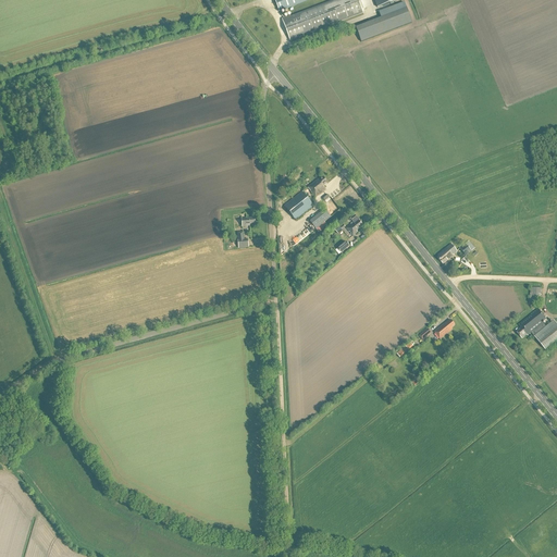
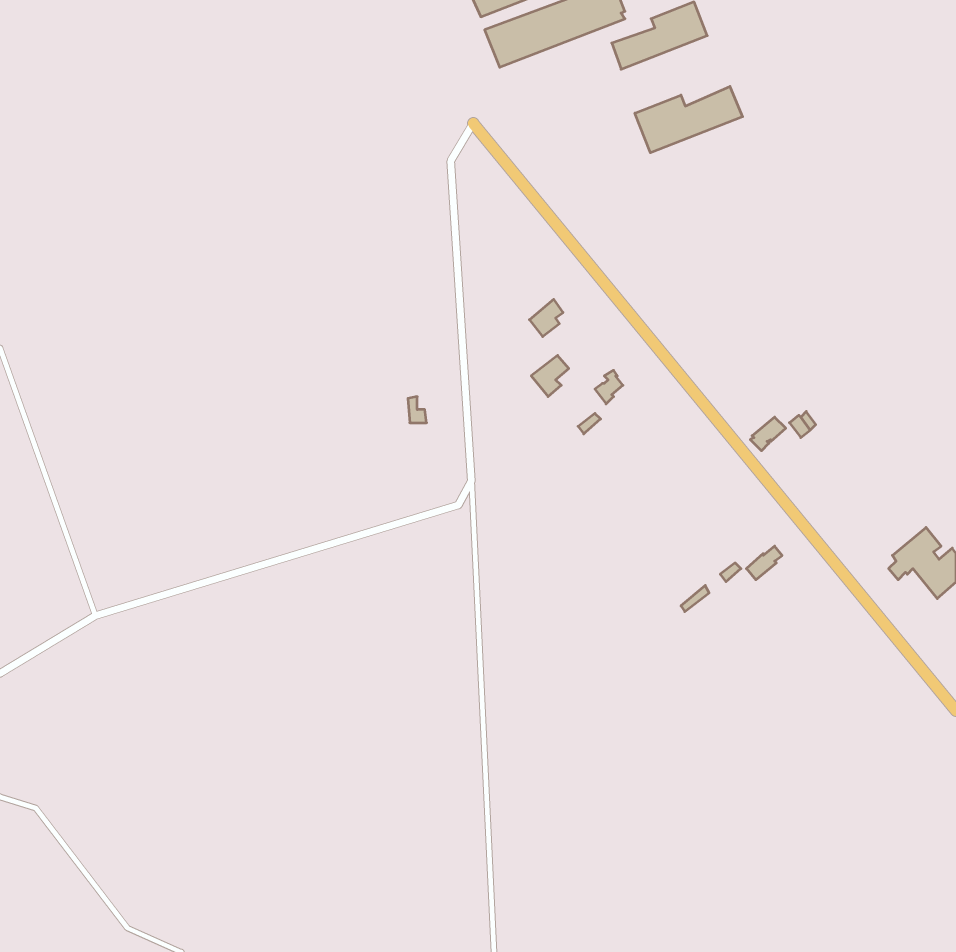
building: none -> [635,86,743,153]
building: [284,190,313,219] -> none

